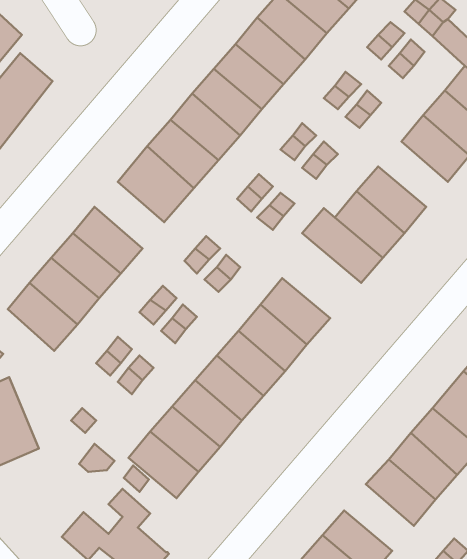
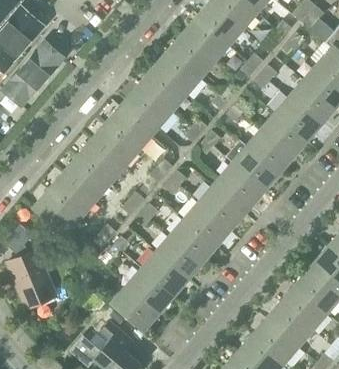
building: none -> [275,97,320,139]
building: none -> [92,123,137,166]
building: none -> [213,162,264,211]
building: none -> [253,318,298,361]

